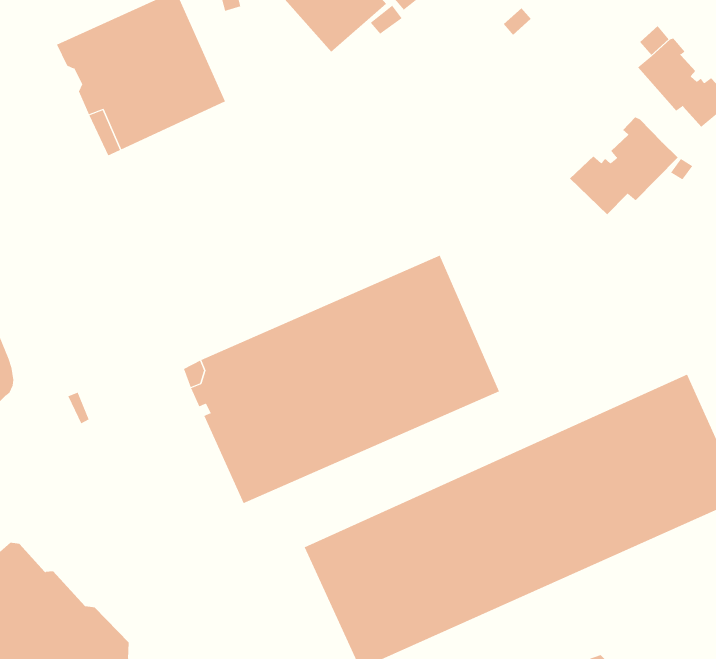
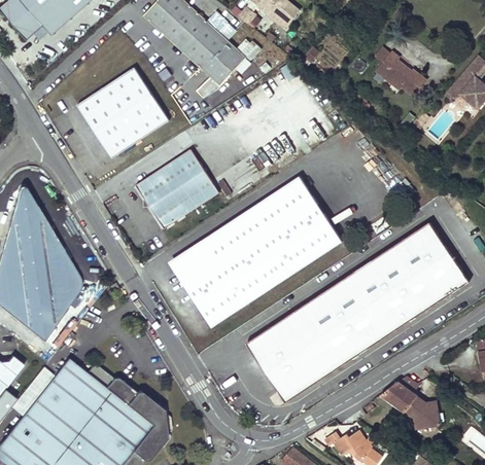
building: [569,116,678,215] -> none
building: none -> [136,148,218,227]

